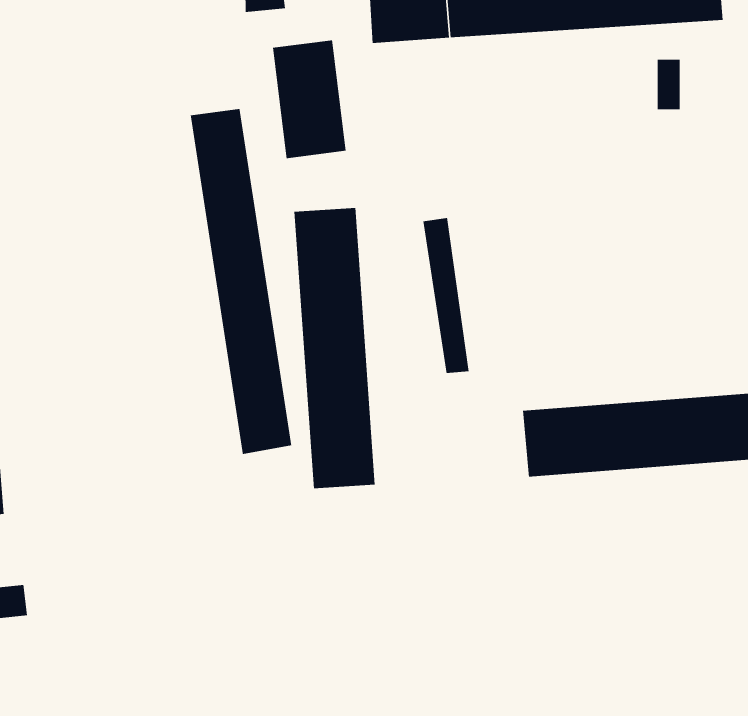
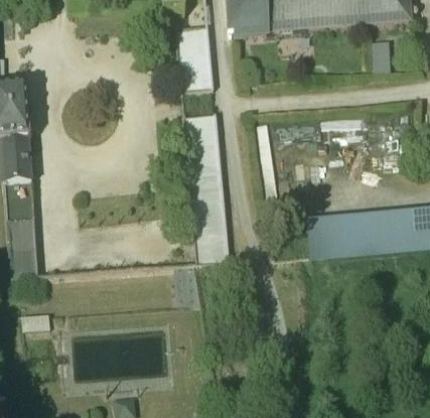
building: [190,108,292,455] -> none

